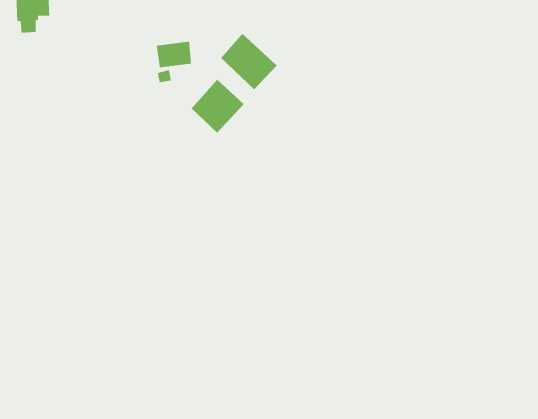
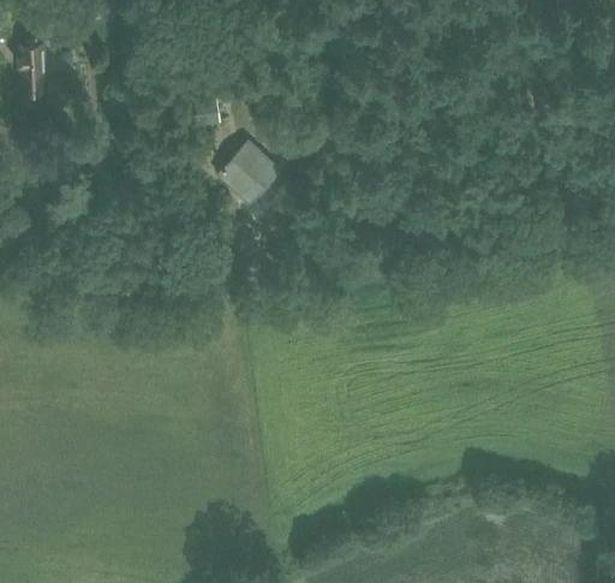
building: [220,33,277,90] -> none

